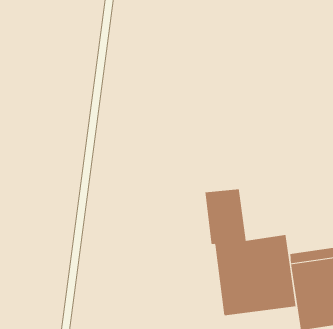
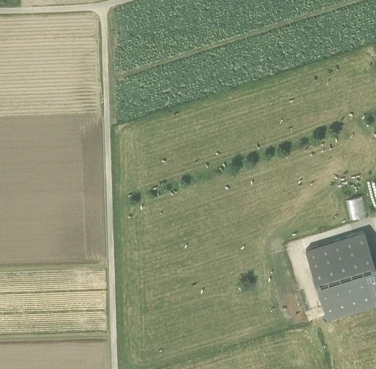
building: [205,189,296,316] -> none

